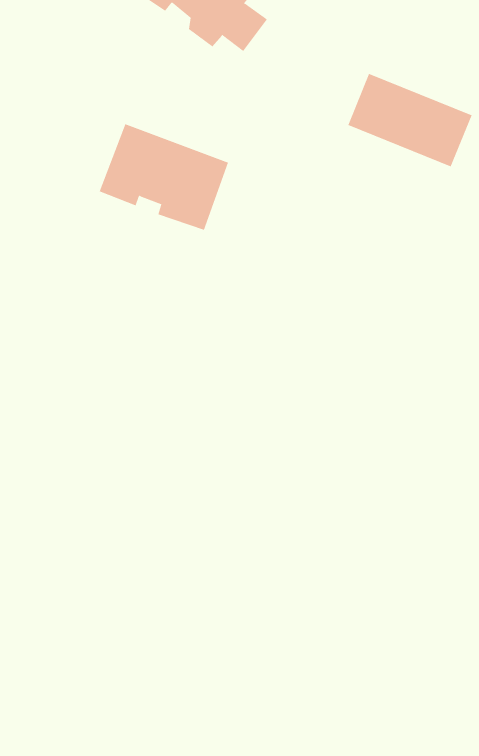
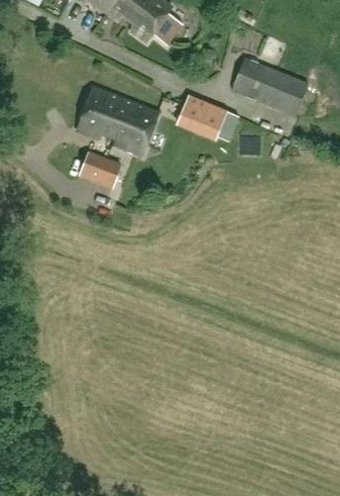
building: none -> [177,95,238,141]
building: none -> [80,154,119,187]

